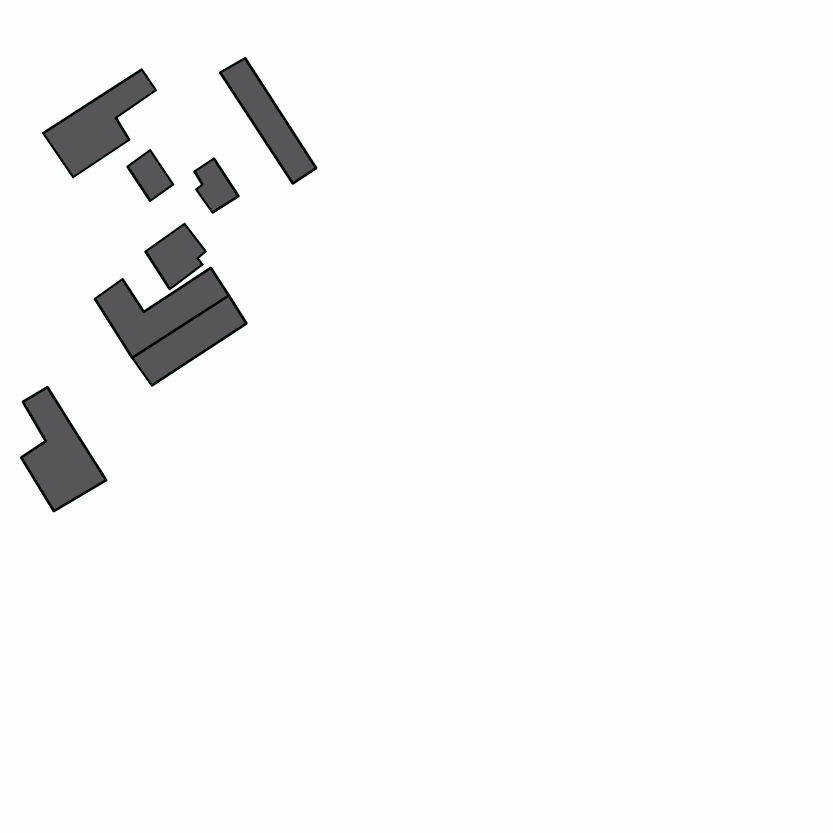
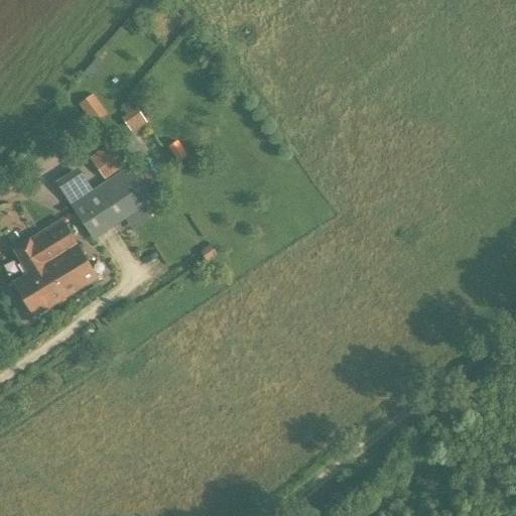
building: [220,58,316,183] -> none
building: [43,69,156,177] -> none
building: none -> [30,219,98,296]

